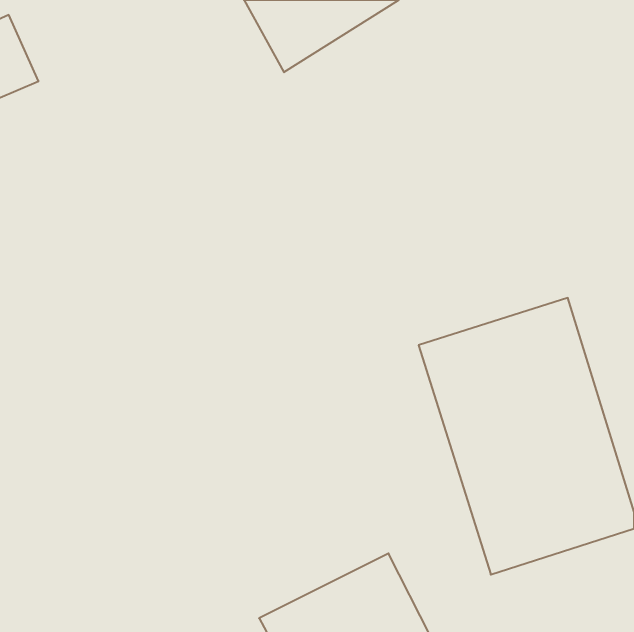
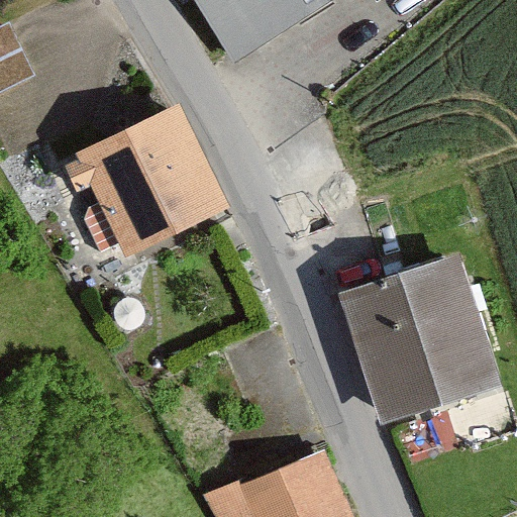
building: none -> [71,103,218,254]

